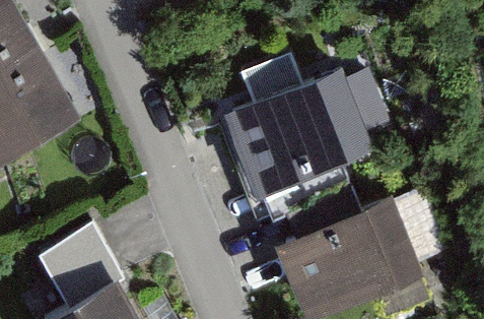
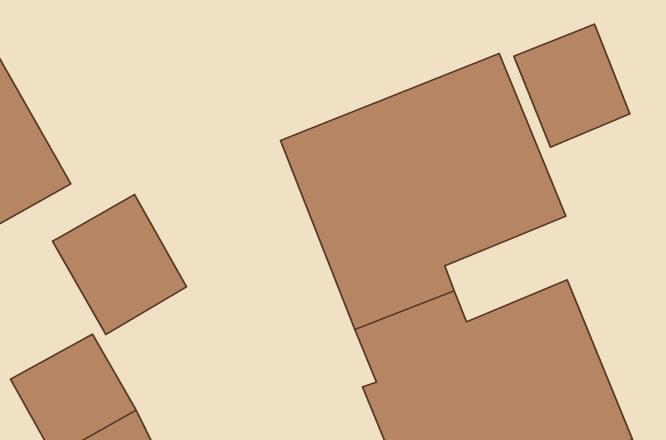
building: none -> [514,24,630,147]
building: none -> [52,195,186,334]

